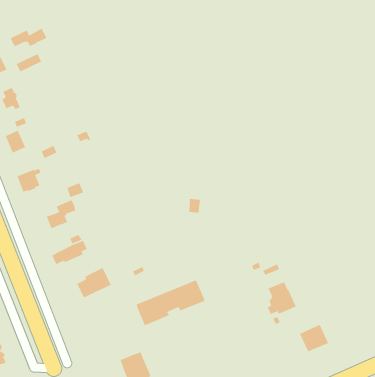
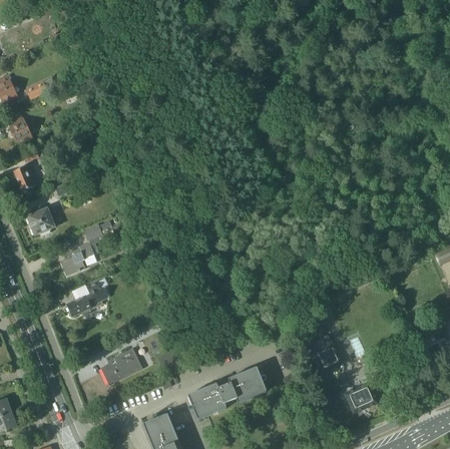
building: [10,27,47,47] -> none
building: [75,266,112,298] -> [100,348,141,384]
building: [135,279,206,327] -> [187,366,267,419]

